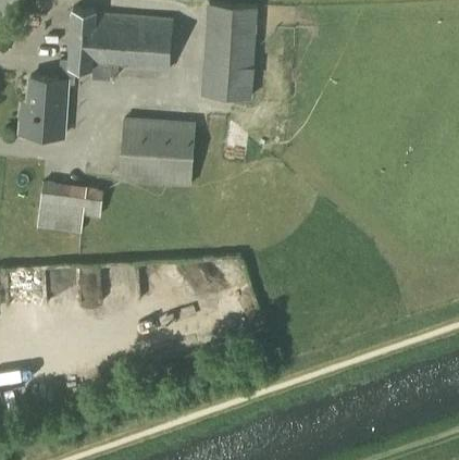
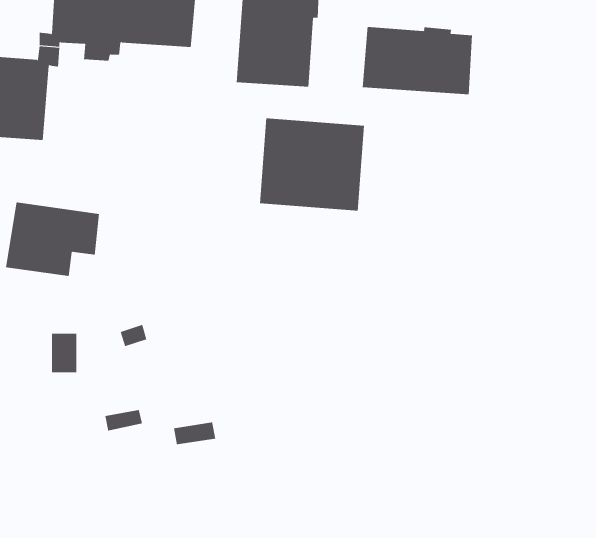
building: none -> [362,26,472,95]
building: [120,119,195,185] -> [259,118,365,211]

